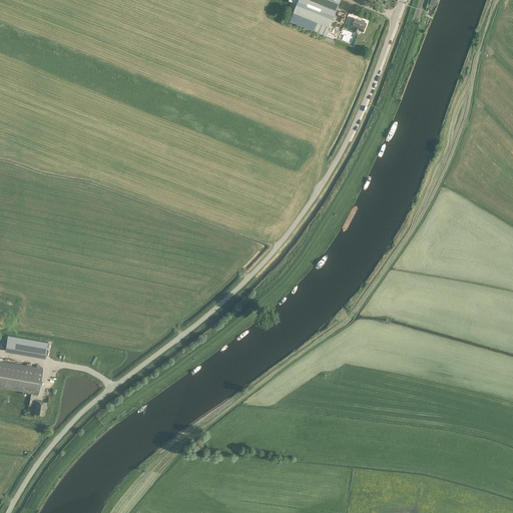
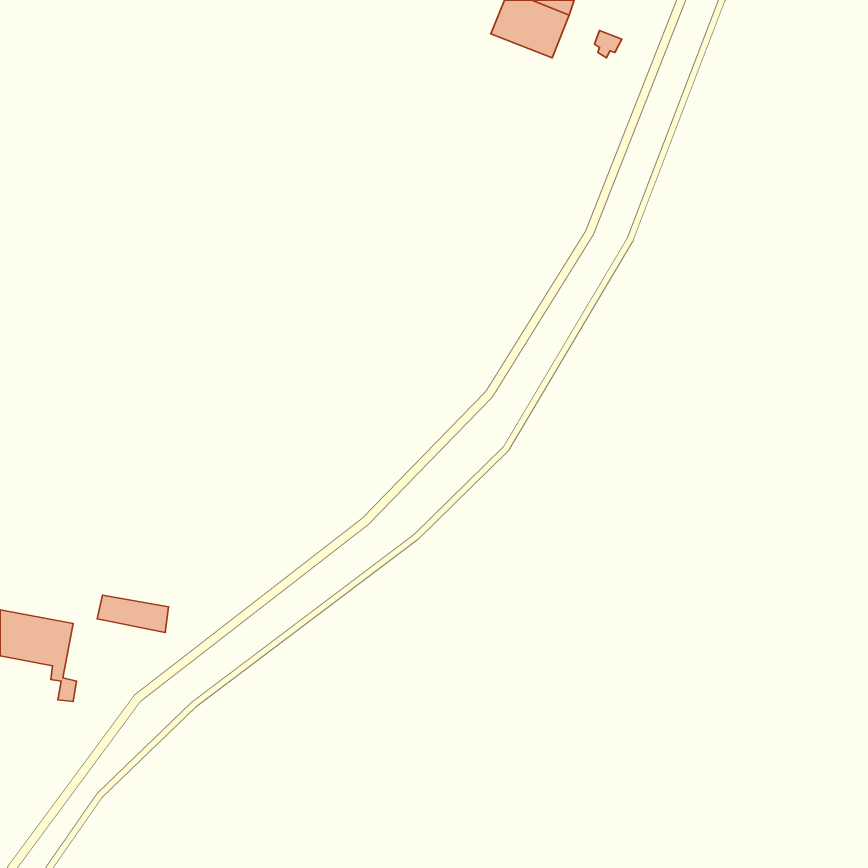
building: [5,336,47,358] -> [97,595,169,632]

